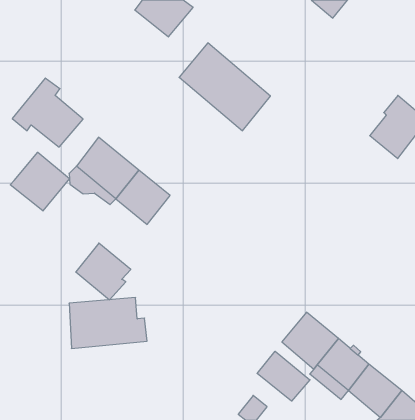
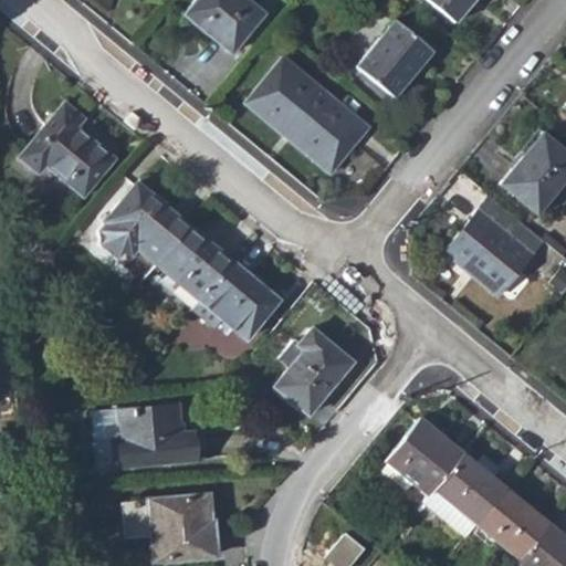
building: none -> [353,21,431,103]
building: none -> [448,196,545,291]
building: [10,152,69,211] -> none
building: [76,243,131,300] -> [205,263,279,339]
building: none -> [277,327,356,412]
building: [257,351,310,401] -> none
building: none -> [128,494,221,559]

